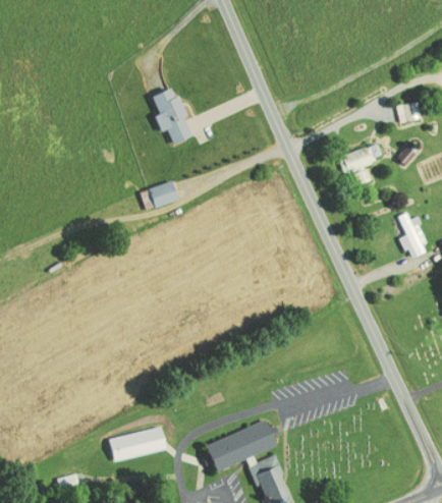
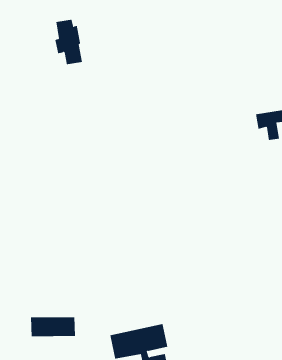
building: [153,89,192,144] -> [54,19,83,65]
building: [140,180,179,211] -> none

